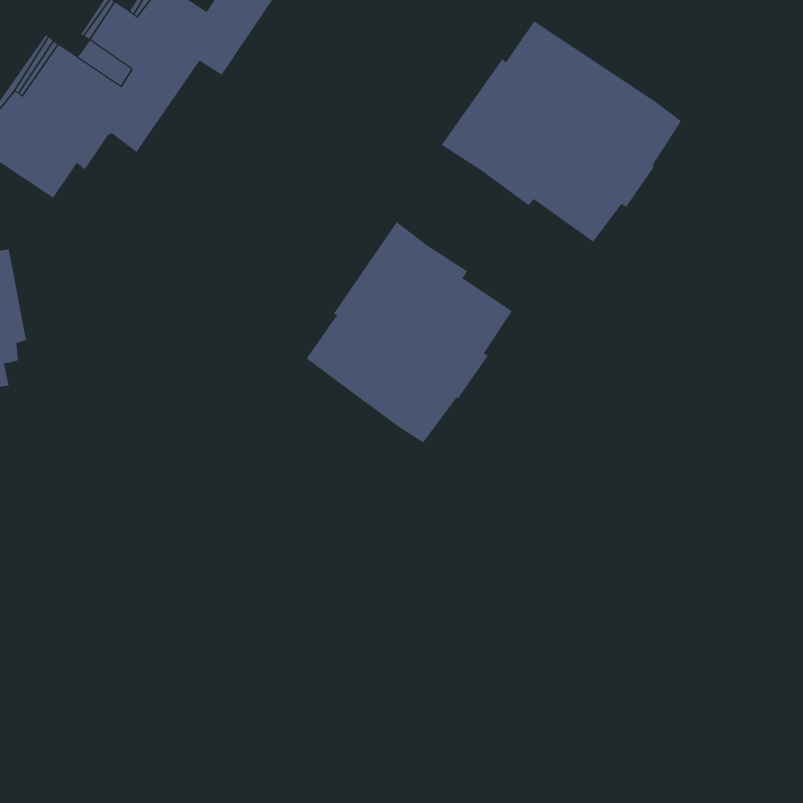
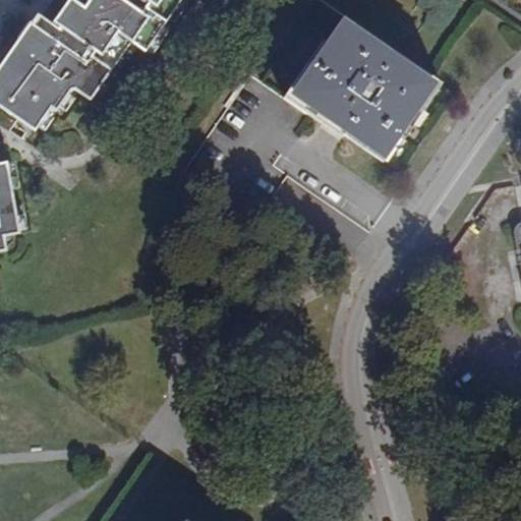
building: [306,221,512,443] -> none

